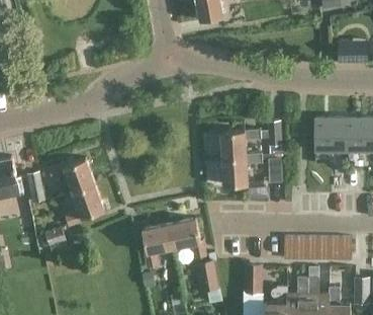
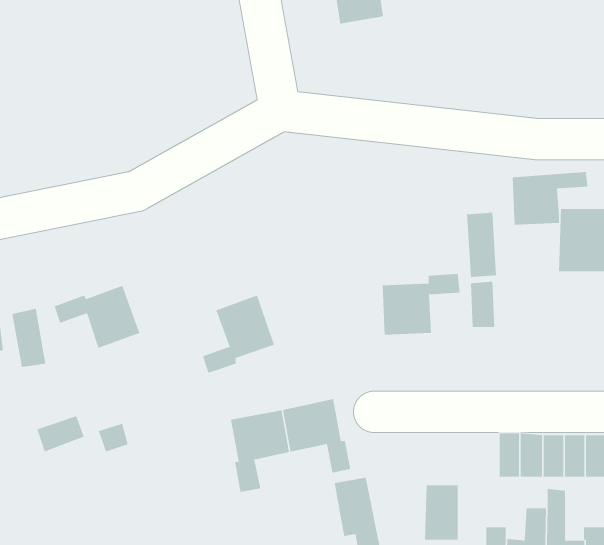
building: [220,131,261,159] -> [512,171,589,225]
building: [65,184,103,226] -> [202,295,275,374]

